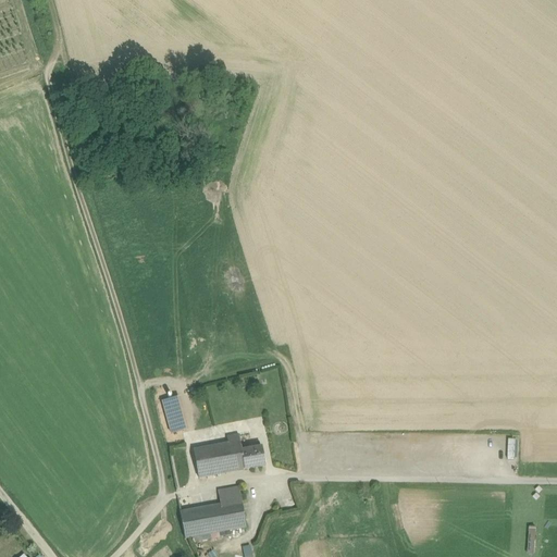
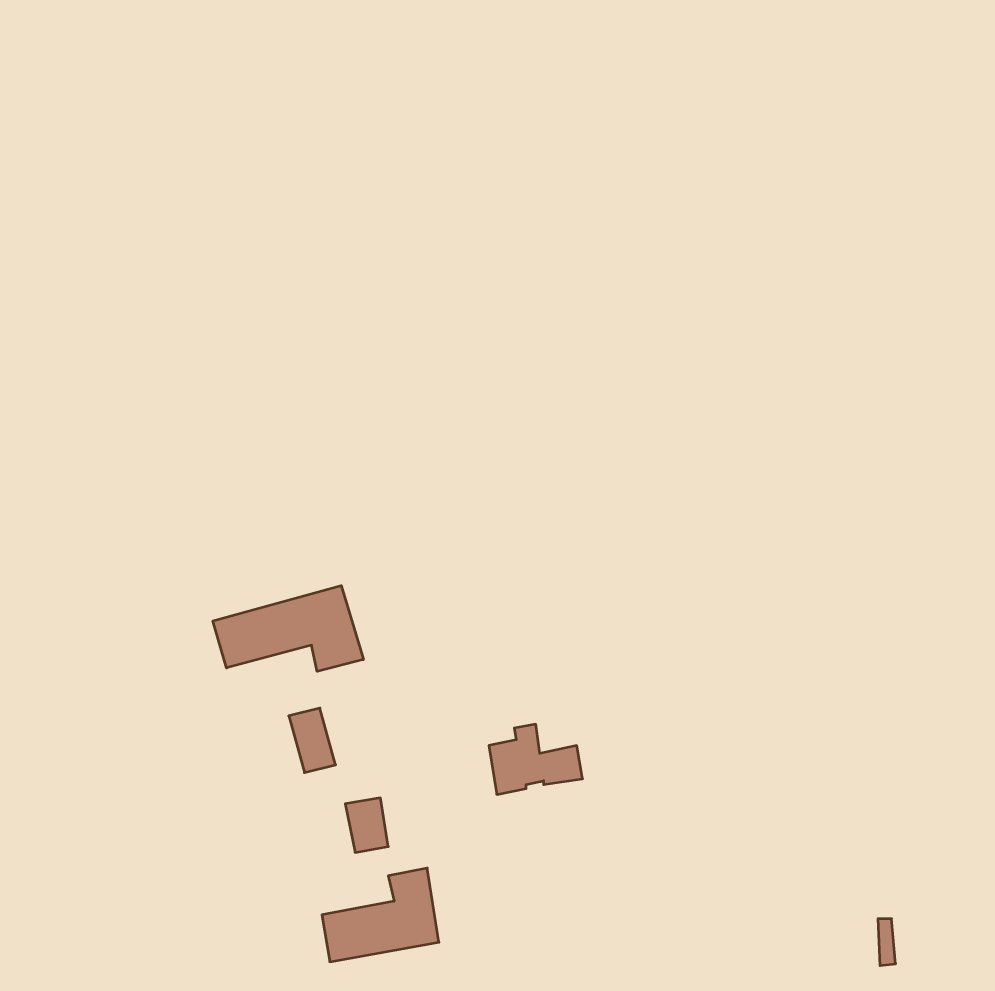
building: none -> [213,586,363,671]
building: [212,433,264,472] -> [489,724,583,794]

